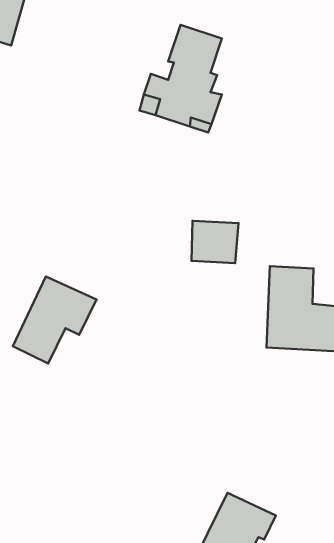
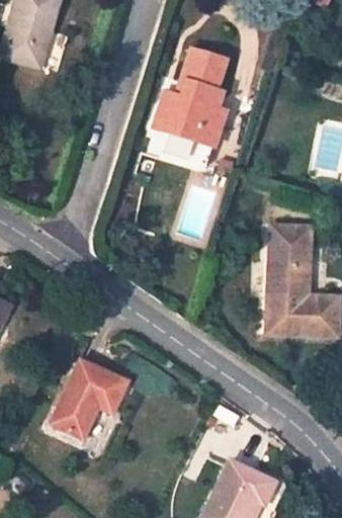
building: [192,221,238,263] -> [268,226,310,263]
building: [13,277,96,363] -> [54,360,127,437]

